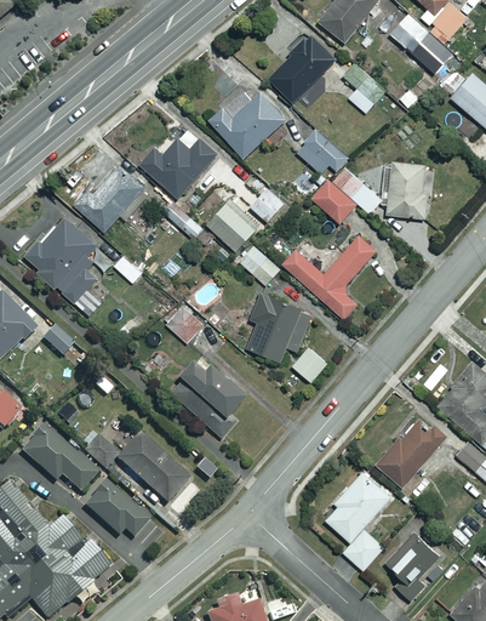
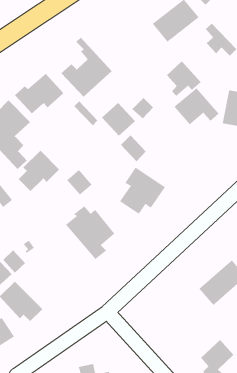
building: [207,92,284,158] -> none
building: [281,233,374,318] -> none
building: none -> [18,150,60,192]
building: [292,347,326,381] -> none
building: [115,432,188,501] -> none
building: [325,471,390,570] -> none

